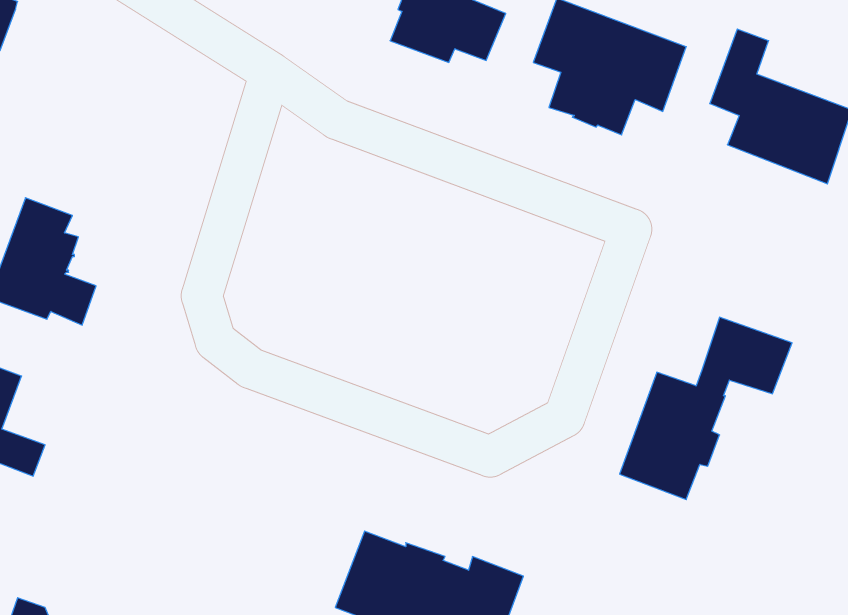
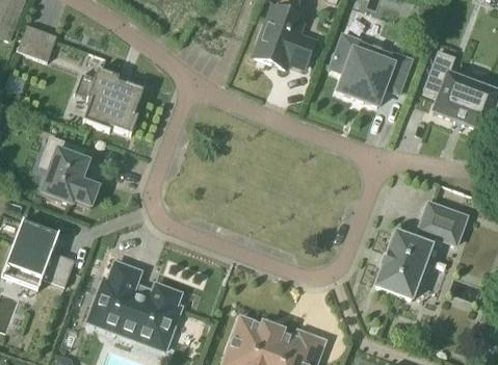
building: none -> [82,69,142,134]
building: none -> [87,261,181,339]

